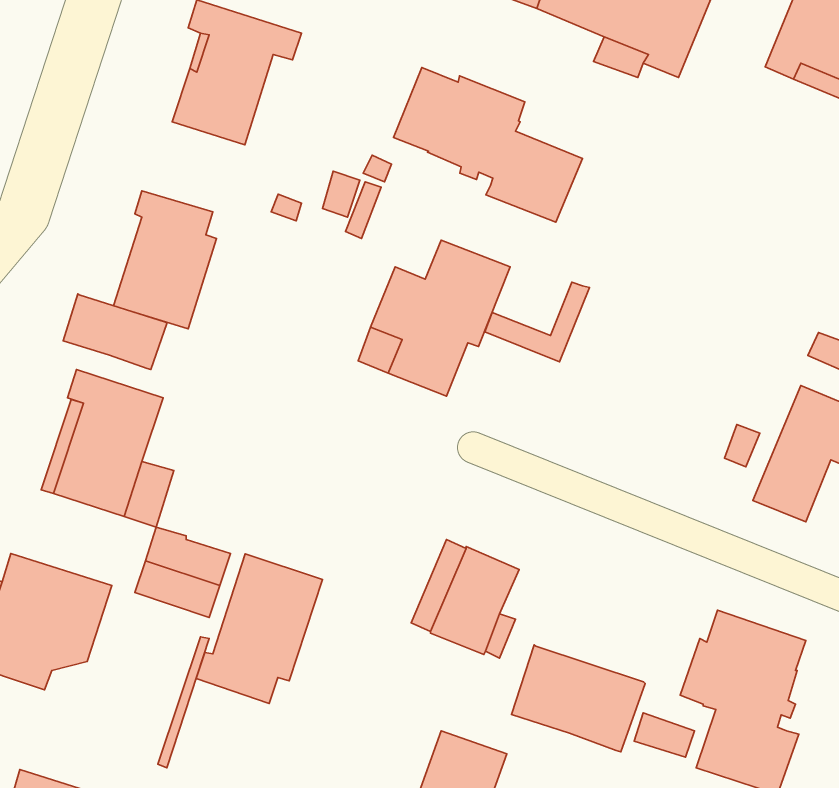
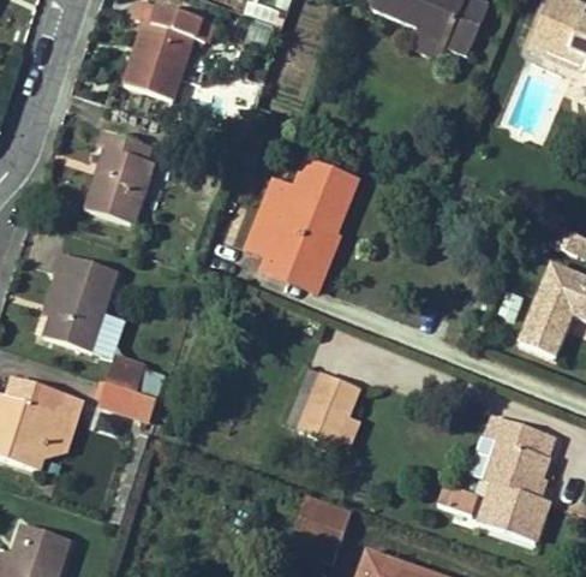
building: [394,67,583,222] -> none
building: [485,282,589,362] -> [267,233,337,287]
building: [63,294,167,369] -> none
building: [196,554,322,703] -> none
building: [512,645,645,752] -> none

